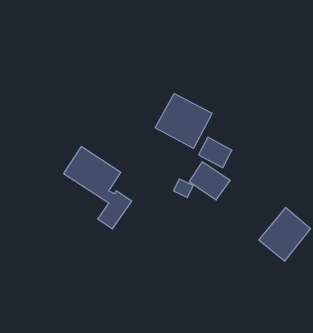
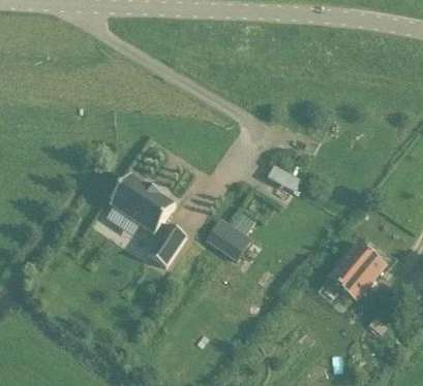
building: [155,94,212,148] -> none
building: [189,162,230,200] -> [205,218,250,260]

